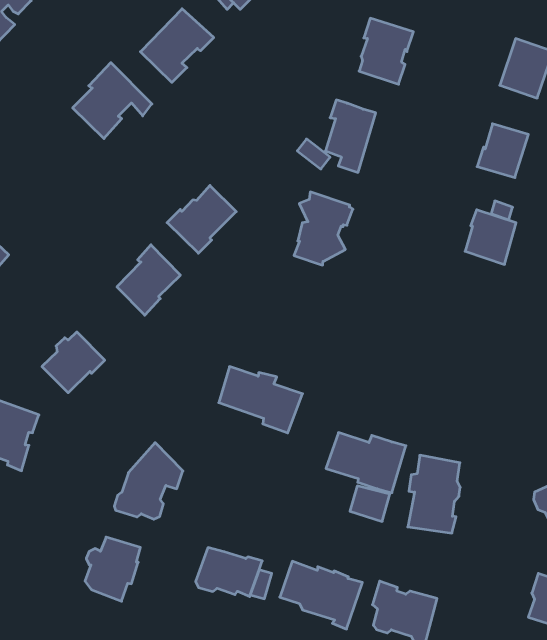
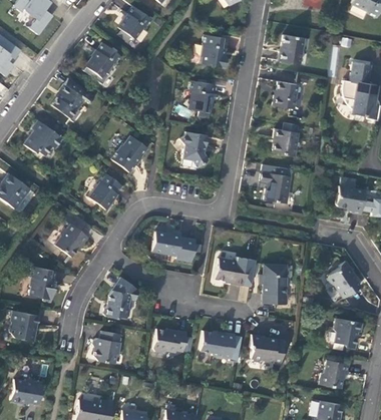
building: none -> [25,120,62,155]
building: none -> [261,172,292,203]

